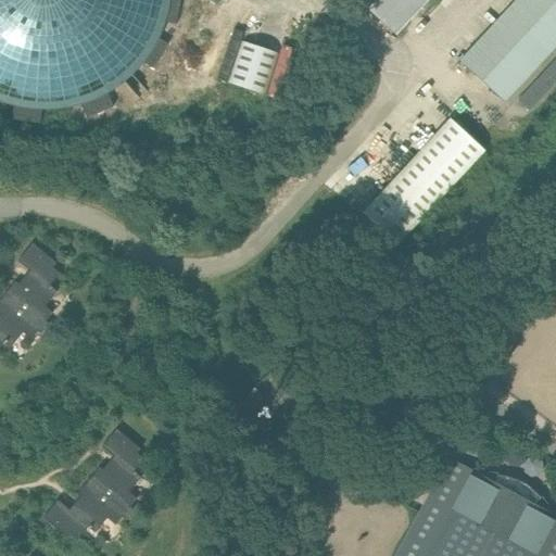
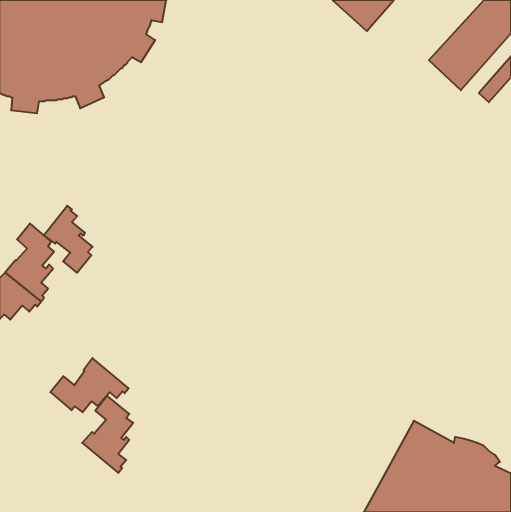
building: [228,37,290,96] -> none
building: [363,117,485,243] -> none
building: none -> [44,206,93,273]
building: [43,480,128,539] -> [50,358,129,412]

